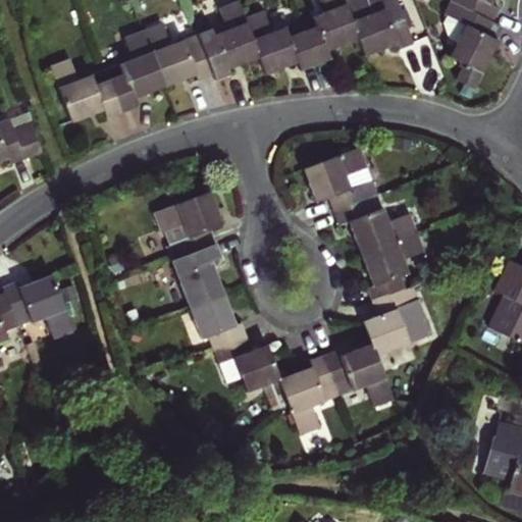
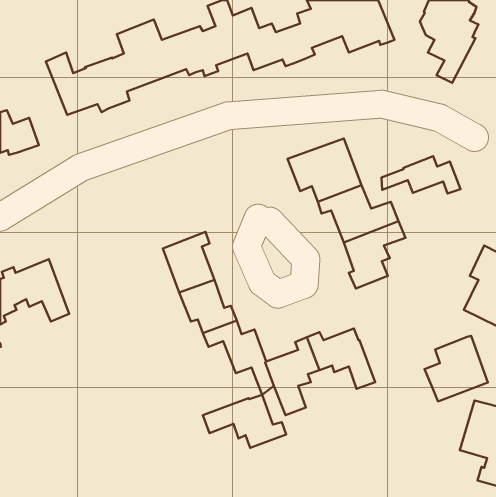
building: none -> [382,156,461,194]
building: [153,189,225,261] -> none
building: [363,289,429,357] -> [424,336,488,401]
building: none -> [203,395,286,448]

